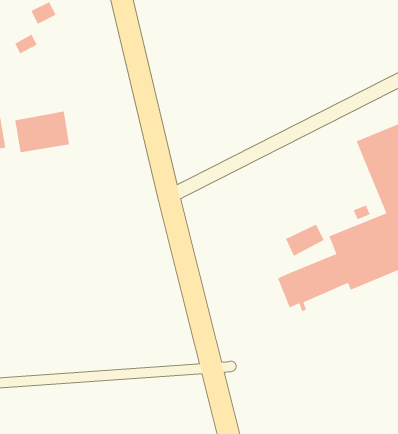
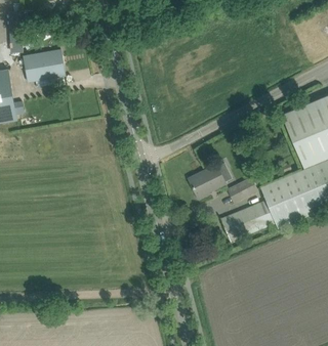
building: [14,111,70,153] -> [24,48,66,80]
building: none -> [190,164,225,198]

